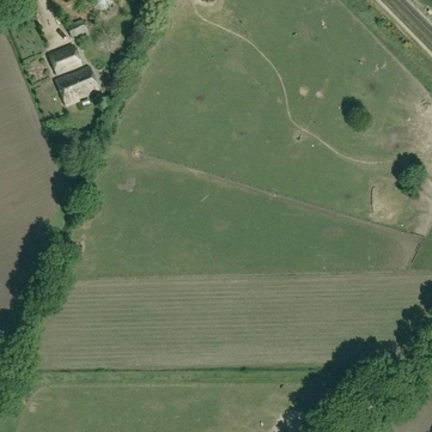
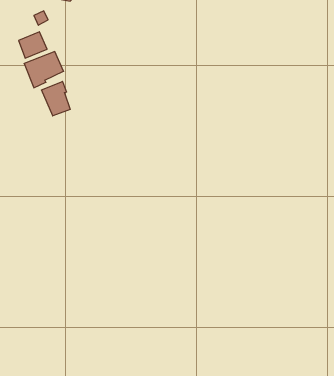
building: none -> [42,81,70,116]

